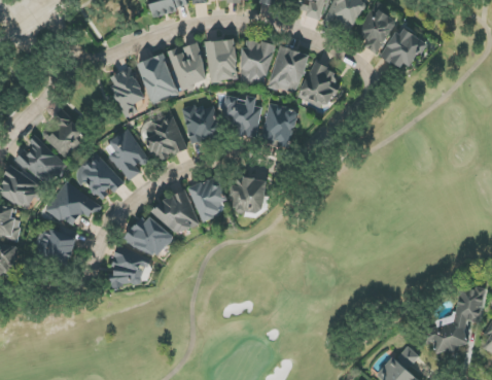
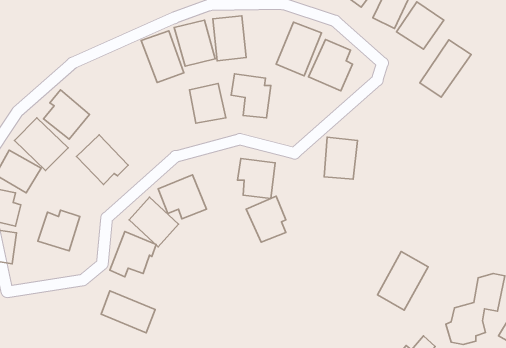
building: [240,41,270,81] -> none
building: none -> [420,40,471,97]
building: [107,68,144,117] -> none
building: [262,105,294,145] -> [324,137,357,179]
building: [146,116,185,161] -> none
building: [103,130,146,181] -> none
building: [187,177,225,221] -> [246,196,286,242]
building: [46,181,100,227] -> none
building: none -> [377,252,428,310]
building: none -> [101,291,155,333]

